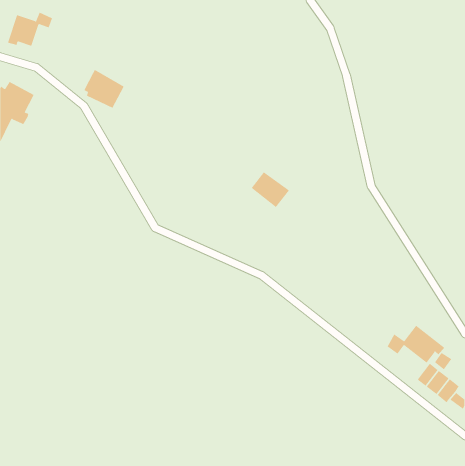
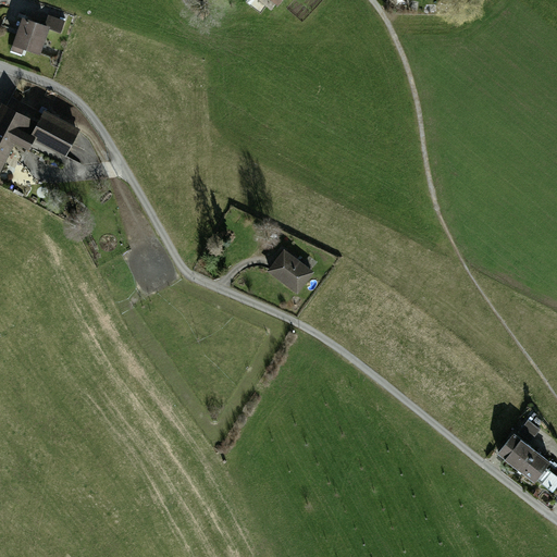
building: [83,69,125,109] -> [30,109,79,156]
building: [251,171,290,208] -> [267,250,313,294]
building: [387,325,445,363] -> none

